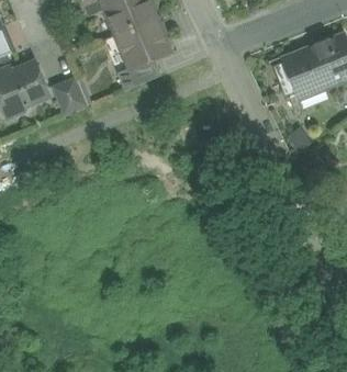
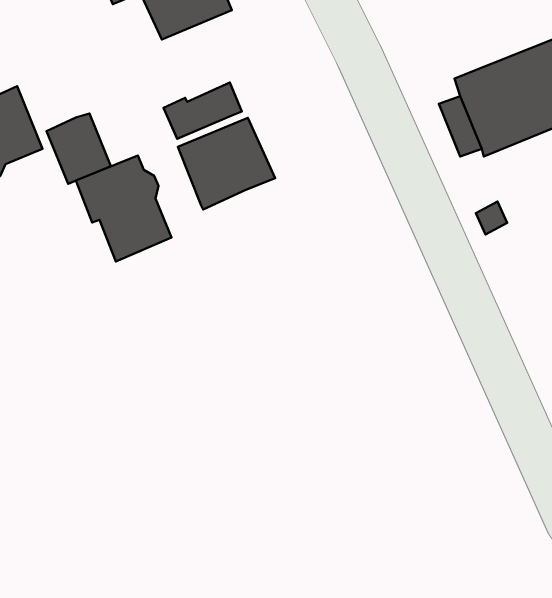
building: [115,19,170,70] -> [178,118,275,209]
building: none -> [76,155,172,262]

